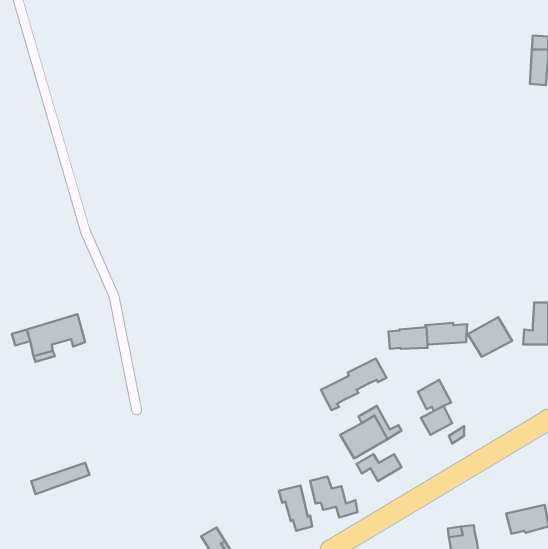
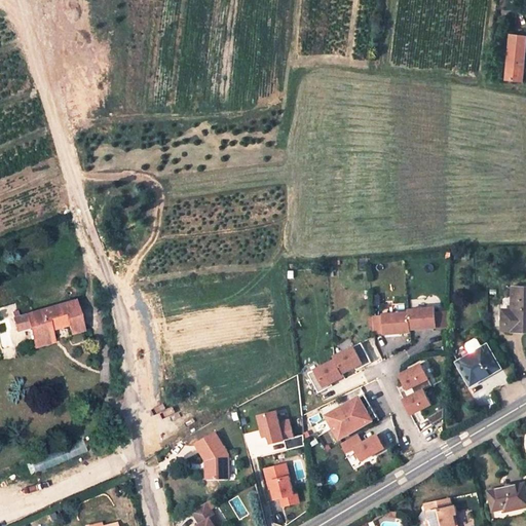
building: [468,317,512,357] -> [456,346,498,384]
building: none -> [195,435,228,479]
building: [310,477,358,517] -> [258,413,303,452]

